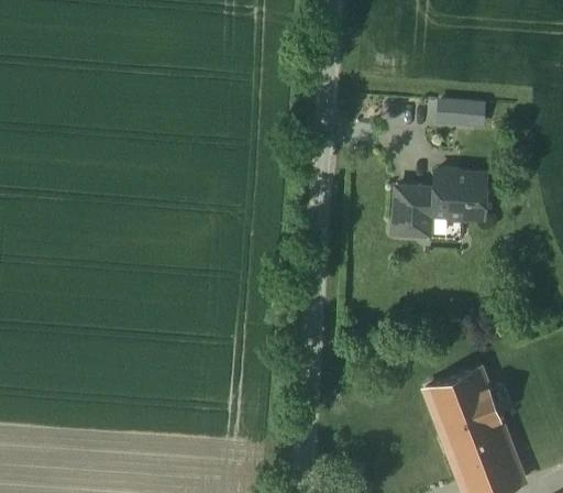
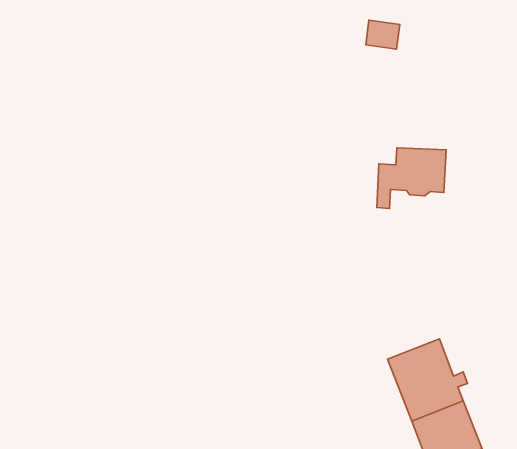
building: [435,96,471,125] -> [366,20,400,49]
building: [395,187,417,233] -> none

